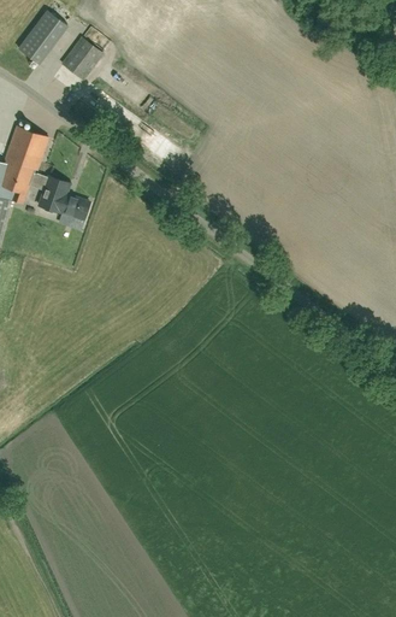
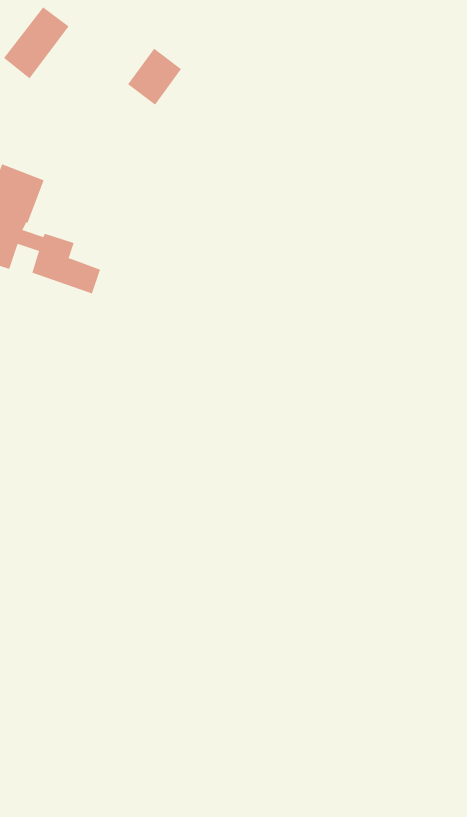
building: [63,37,102,80] -> [127,48,182,106]

